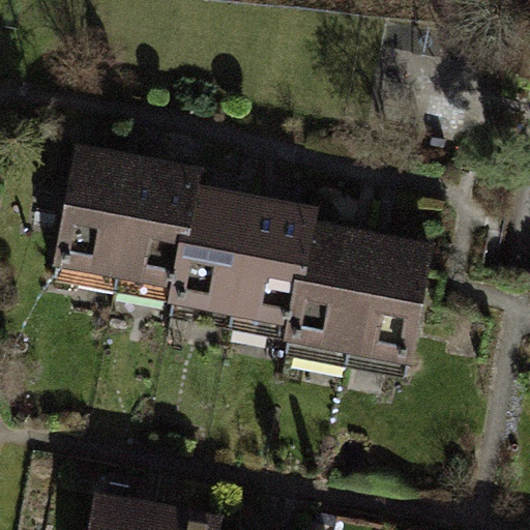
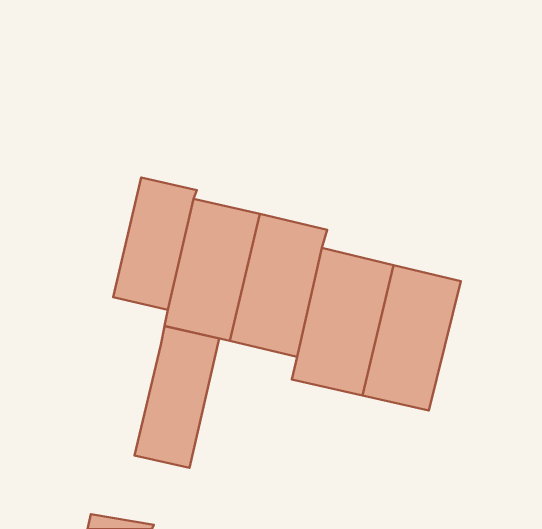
building: [51,156,141,288] -> none
building: none -> [134,326,219,468]

